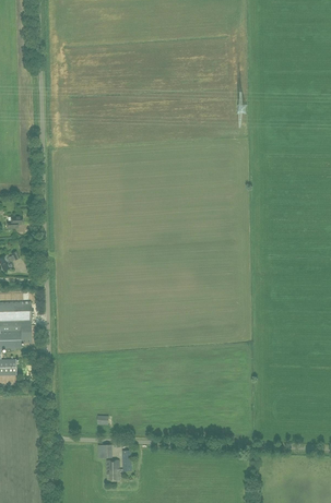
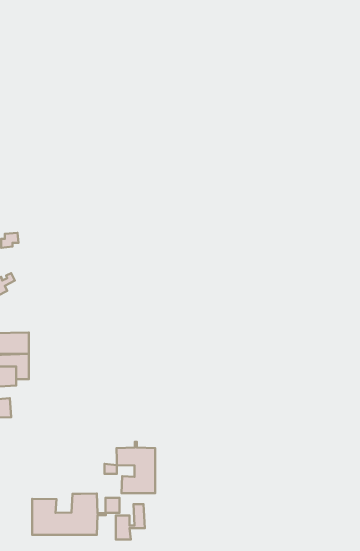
building: none -> [117,442,155,493]
building: none -> [32,494,106,535]

